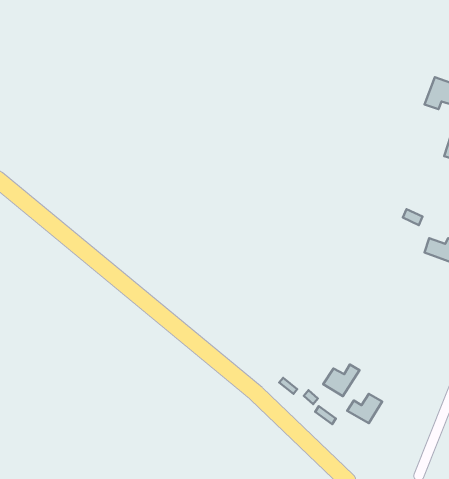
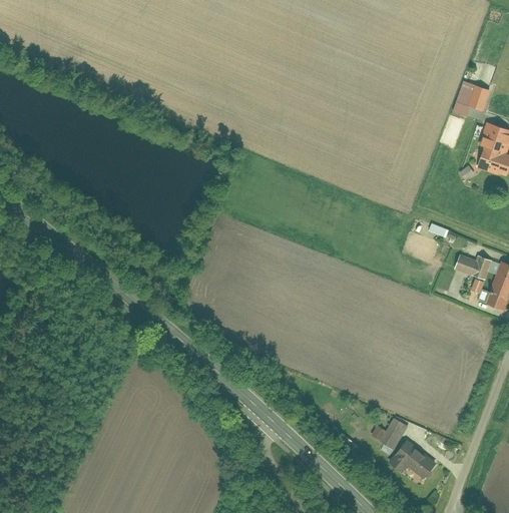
building: [323,365,359,396] -> none
building: none -> [389,442,435,480]

